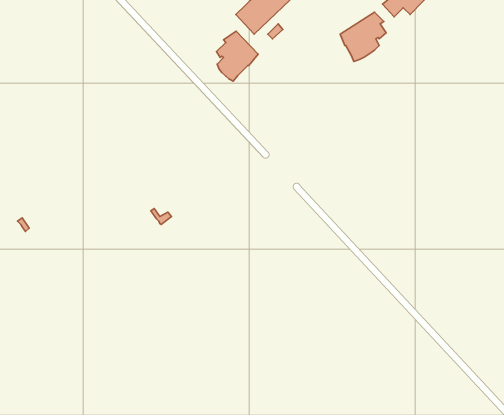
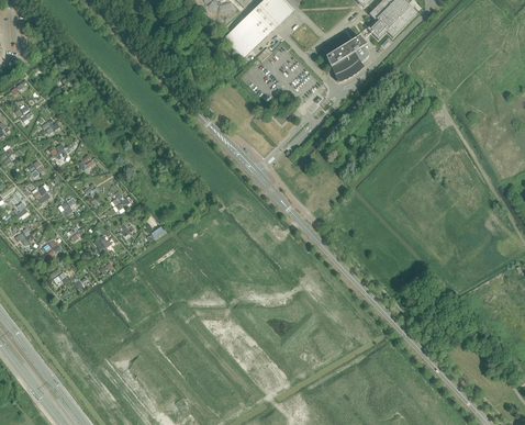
building: [216,31,258,81] -> none

